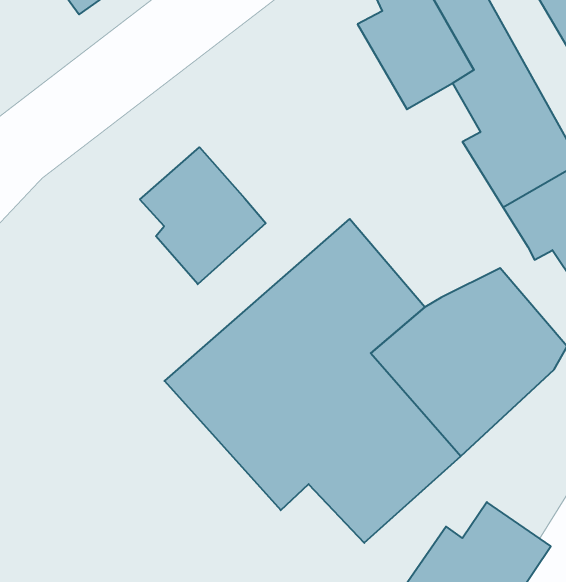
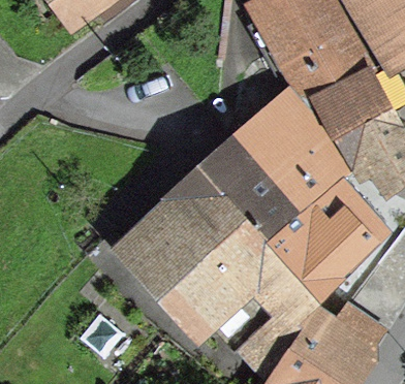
building: none -> [243,91,355,197]
building: [140,147,266,284] -> none

